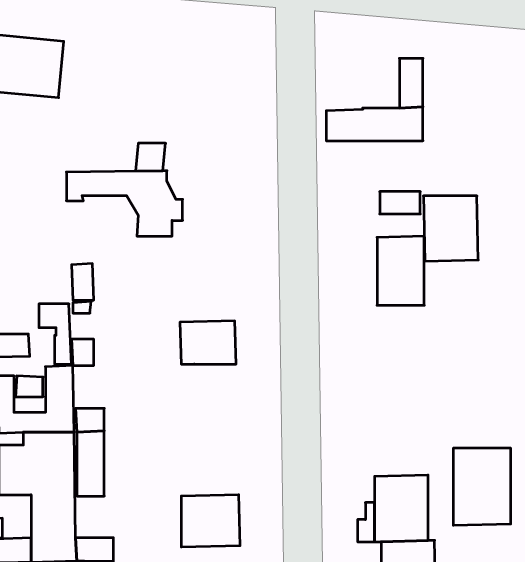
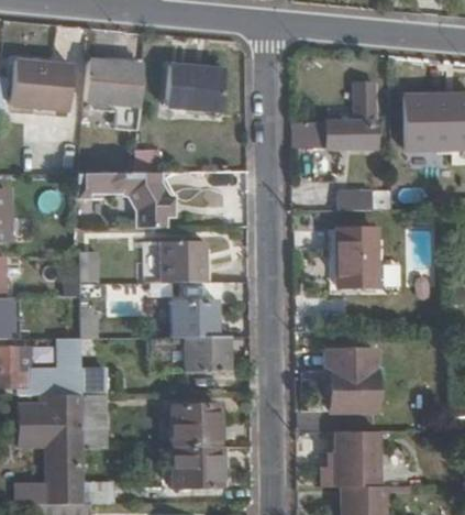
building: none -> [86,59,144,131]
building: none -> [166,63,226,111]
building: [423,196,478,261] -> [405,95,451,150]
building: none -> [160,240,207,282]
building: none -> [184,336,231,372]
building: none -> [173,404,221,447]
building: [453,448,511,525] -> [329,348,377,413]

